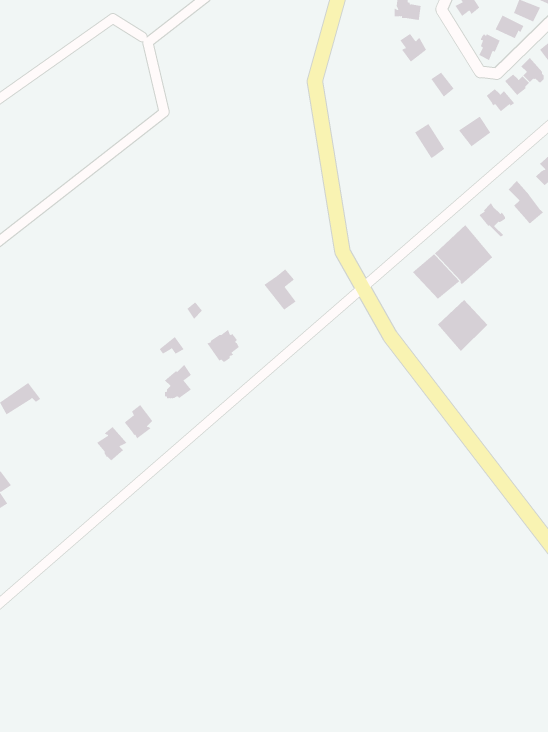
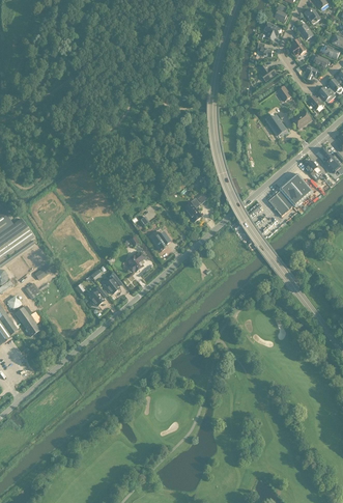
building: [437,299,488,352] -> none

